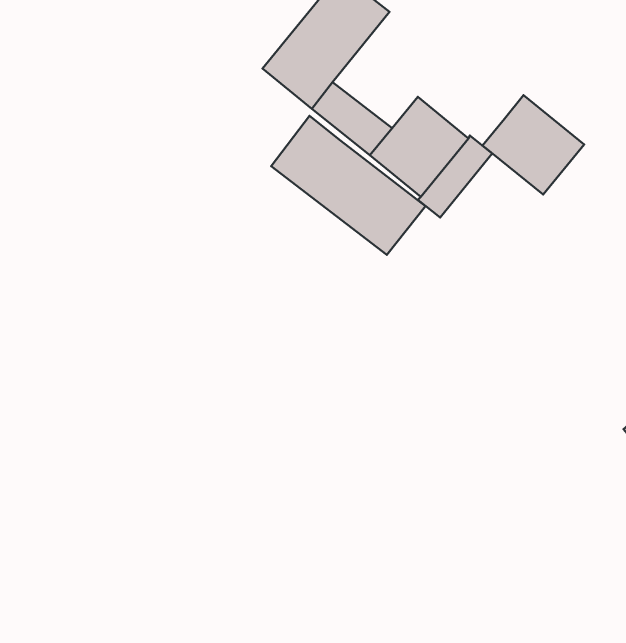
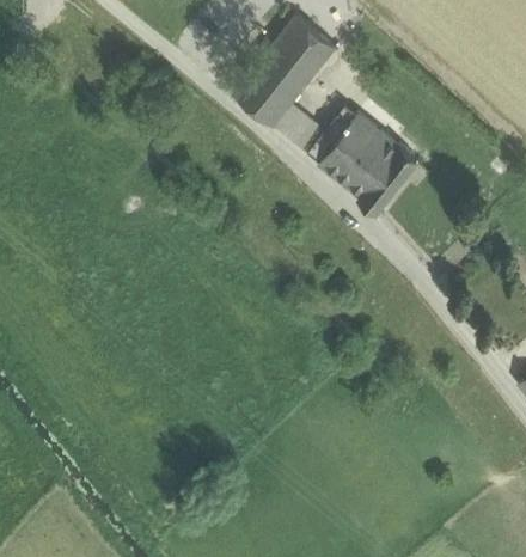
building: [482,95,584,195] -> none
building: [271,116,426,255] -> none

